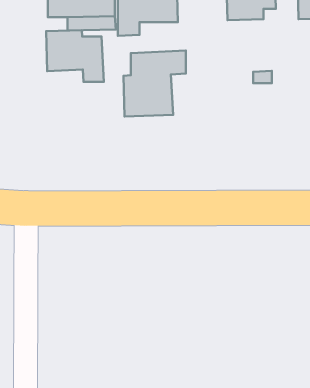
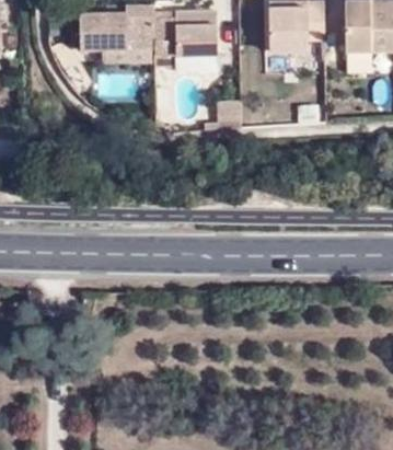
building: [46,30,104,82] -> none
building: [123,50,186,116] -> none

